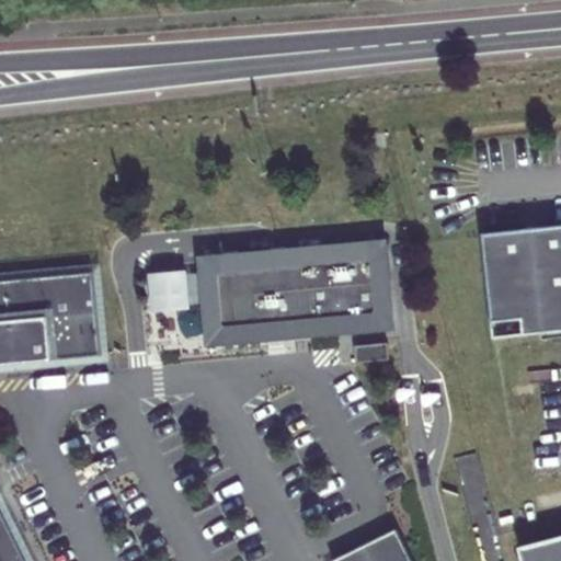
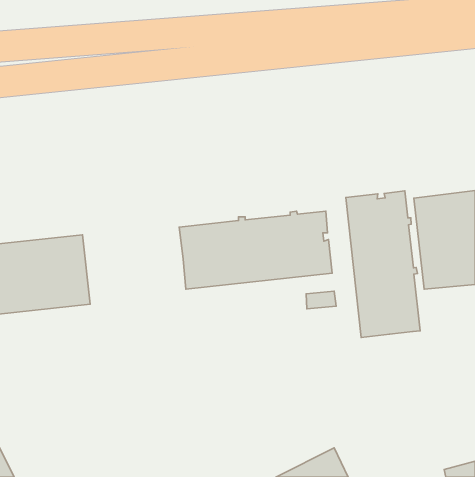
building: none -> [346,191,420,338]
building: [154,274,214,311] -> none

